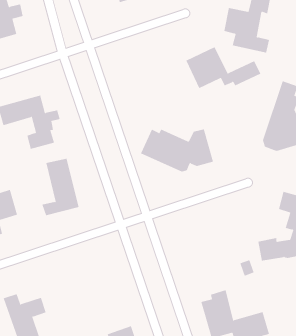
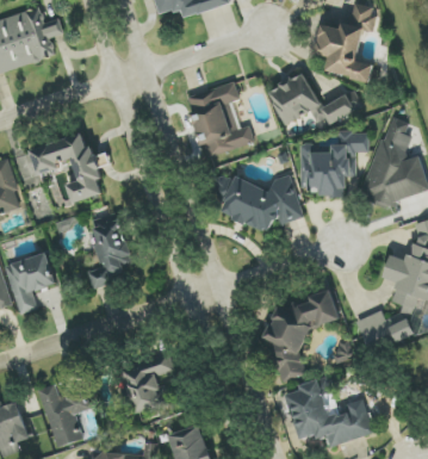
building: none -> [186,82,253,157]
building: none -> [299,131,367,193]
building: none -> [262,289,339,382]
building: none -> [123,352,173,413]

